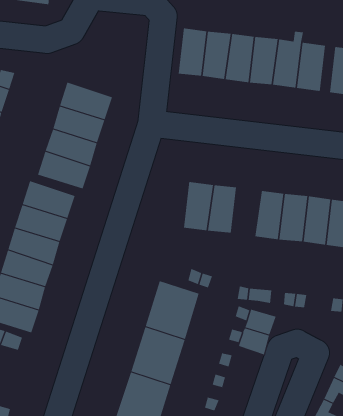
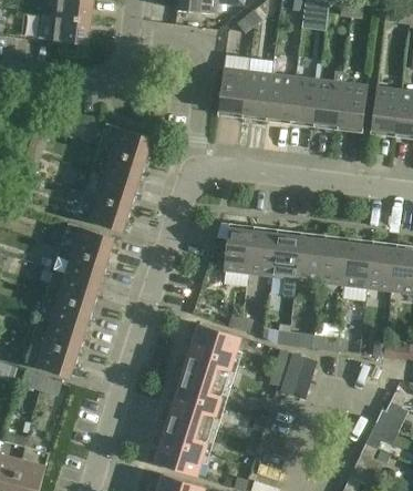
building: none -> [272,229,302,279]

